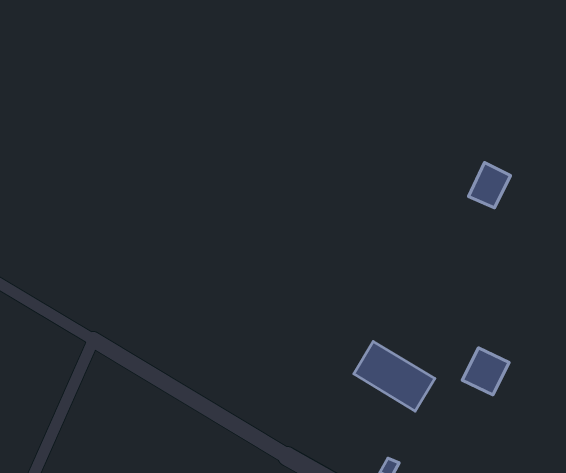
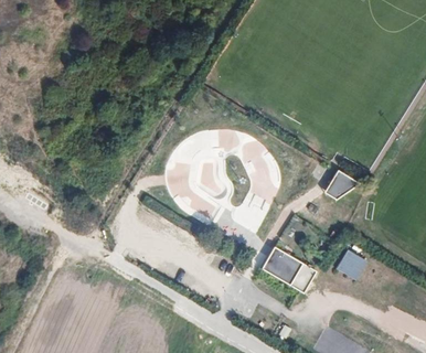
building: [468,163,511,208] -> [324,171,353,202]

